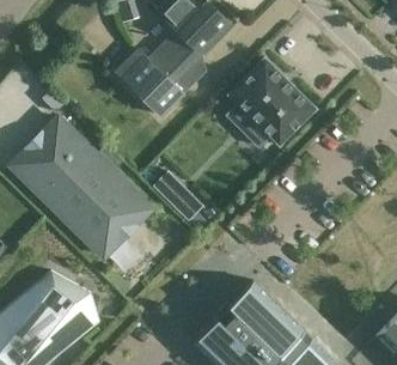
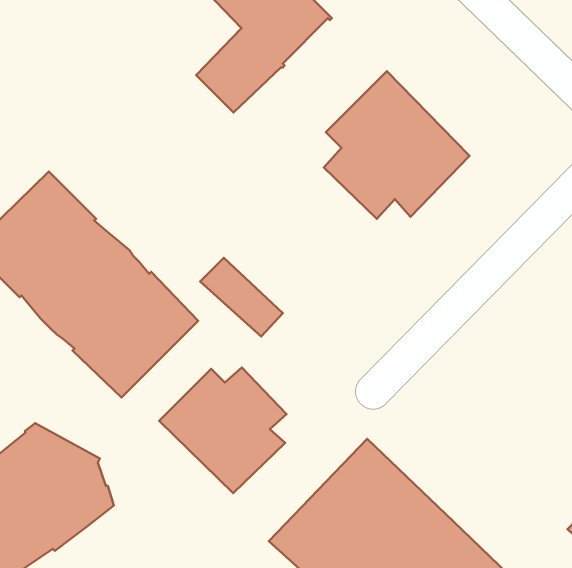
building: [117,48,184,115] -> none
building: none -> [159,367,287,493]

